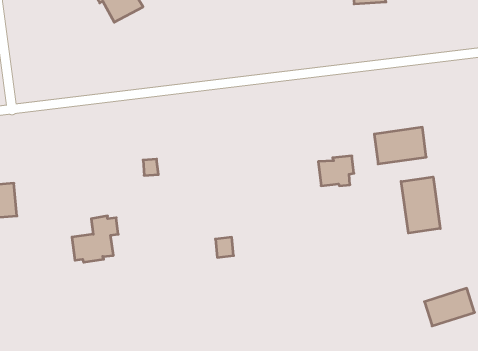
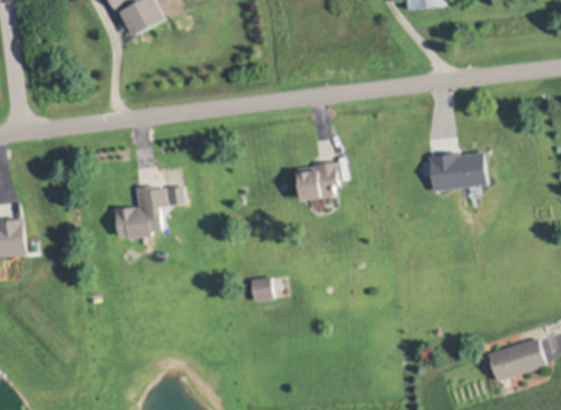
building: [318,156,354,186] -> [296,163,336,197]
building: [401,177,440,233] -> none
building: [72,216,118,262] -> [113,184,165,237]

